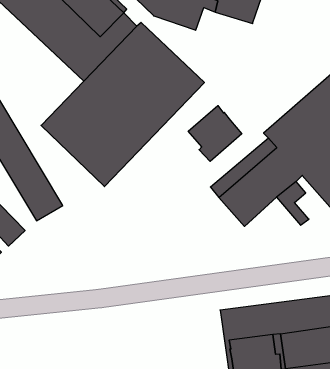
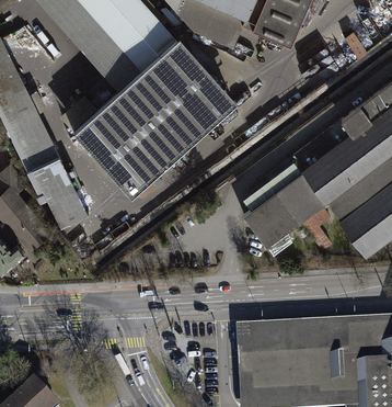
building: [188,106,242,161] -> none

